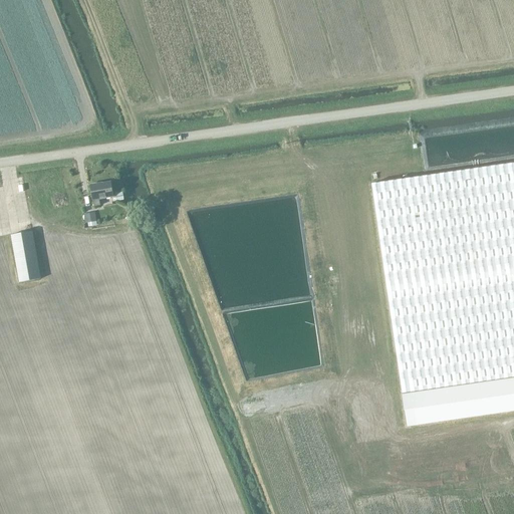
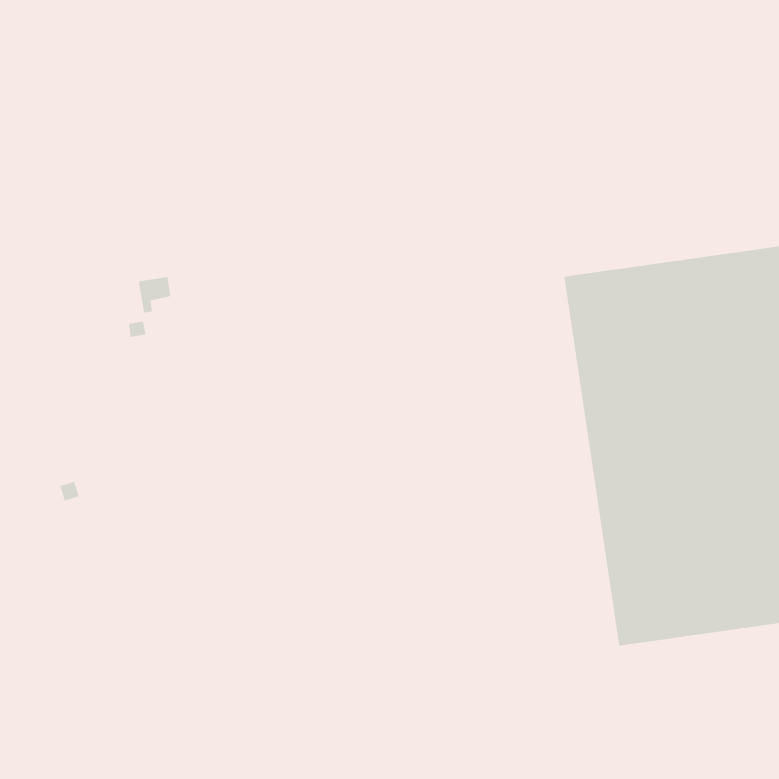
building: [12,230,41,282] -> none

